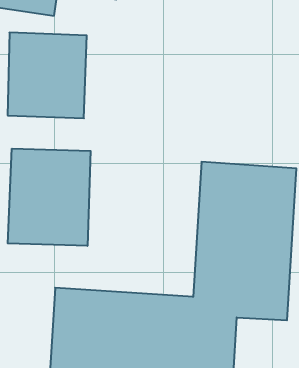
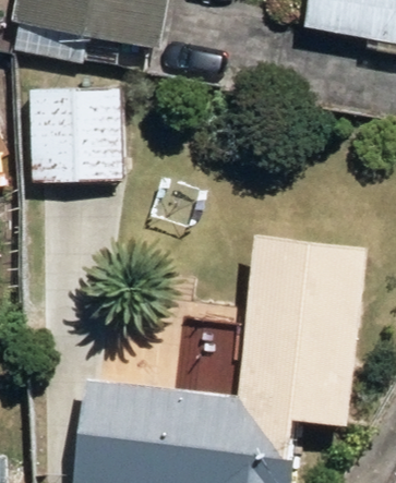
building: [8,149,91,246] -> none

